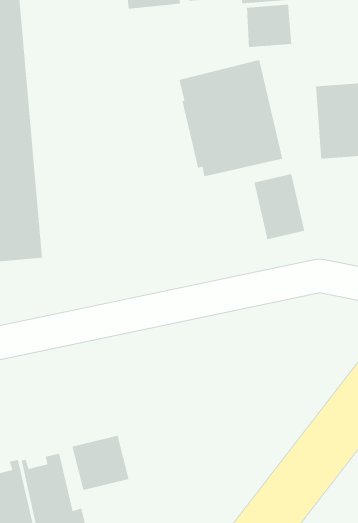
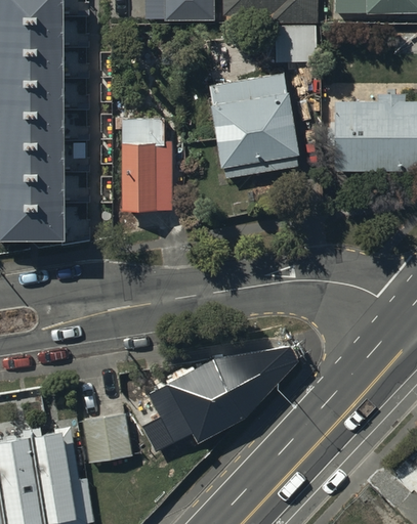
building: none -> [121,120,172,212]
building: [254,173,305,240] -> none
building: none -> [143,346,300,449]

